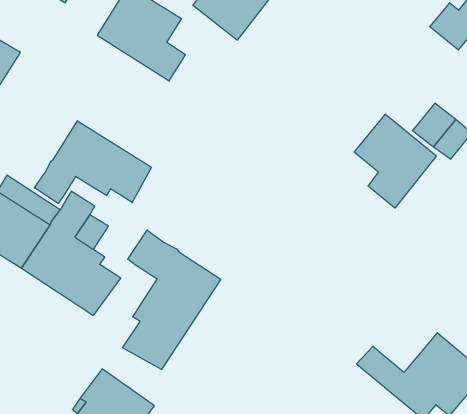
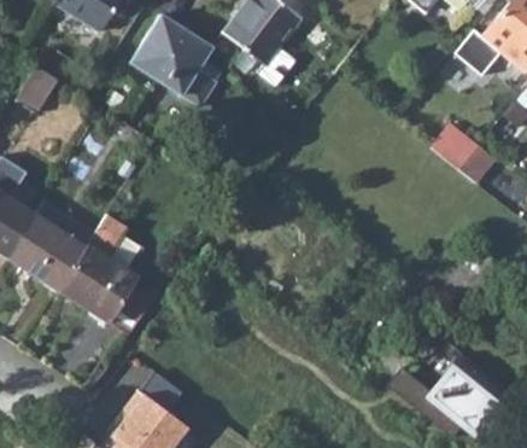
building: [354,114,437,208] -> none
building: [34,121,151,203] -> none
building: [123,230,221,370] -> none

